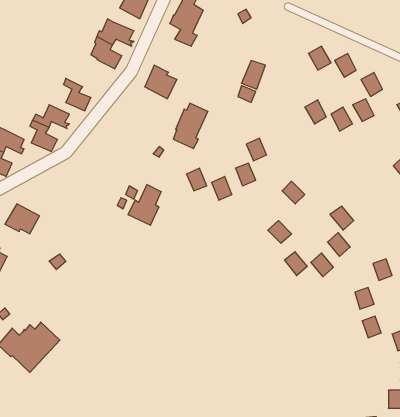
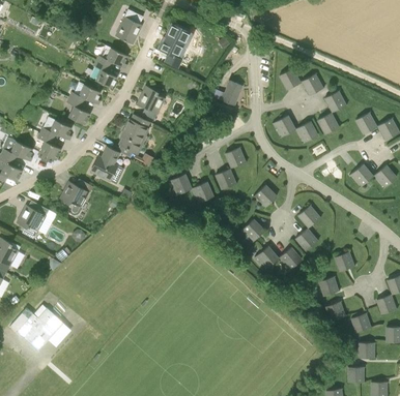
building: none -> [68,82,101,104]
building: [173,103,208,149] -> [119,114,149,153]
building: none -> [59,181,89,214]
building: [128,185,161,225] -> [90,146,119,181]

